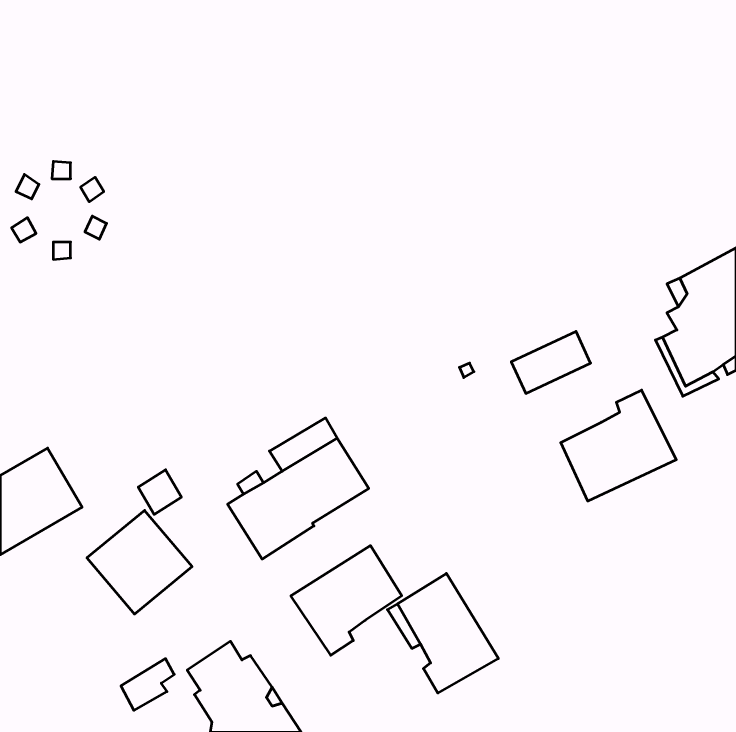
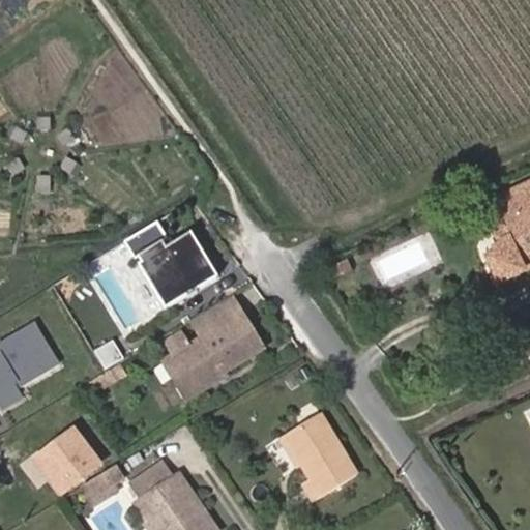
building: none -> [126,222,219,310]
building: [561,390,676,501] -> none
building: [87,510,192,614] -> [26,417,101,492]
building: [291,546,402,655] -> none

